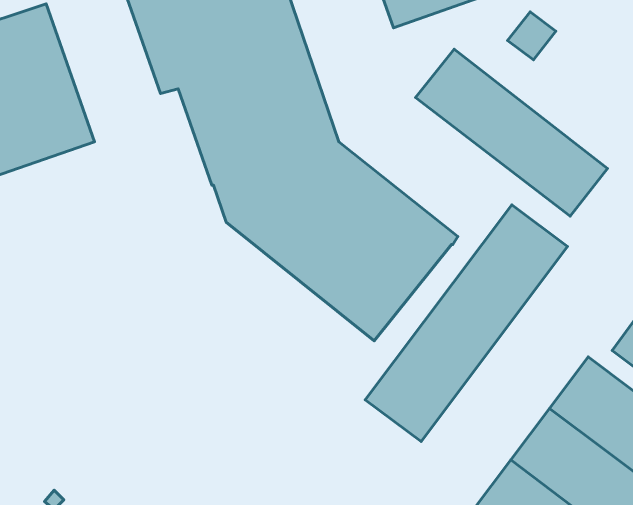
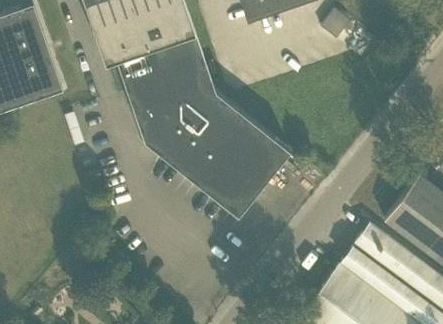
building: [415,49,607,216] -> none
building: [365,205,567,441] -> none

